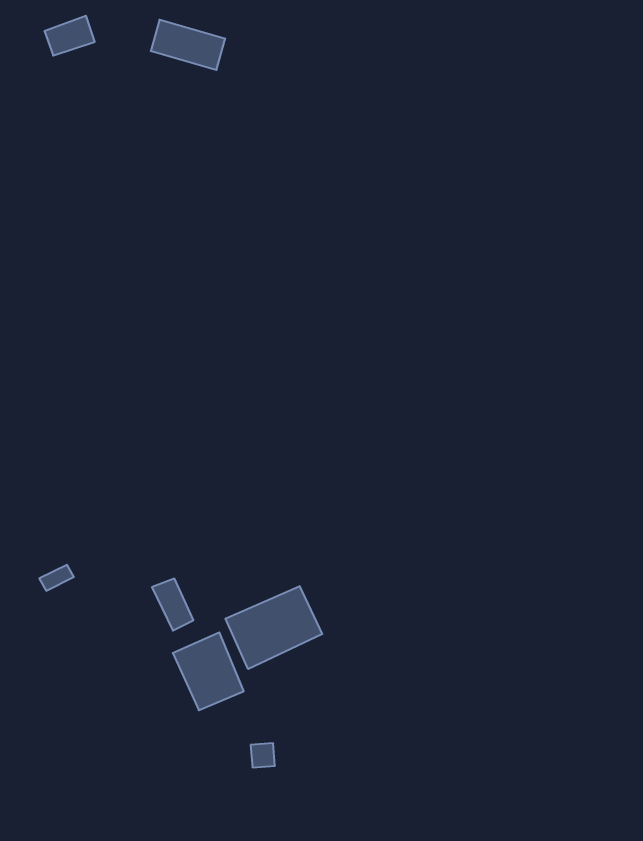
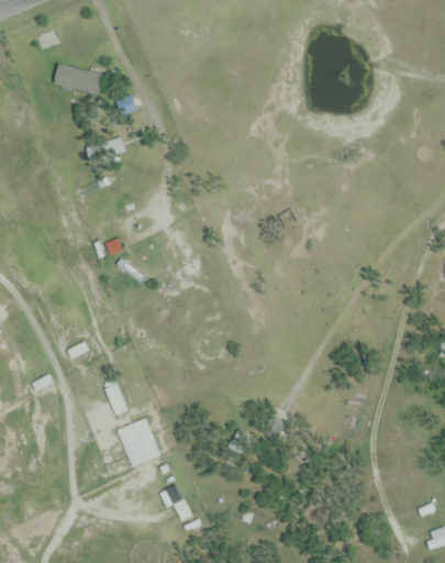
building: [151,20,225,70] -> [56,63,103,95]
building: [226,586,322,669] -> none

